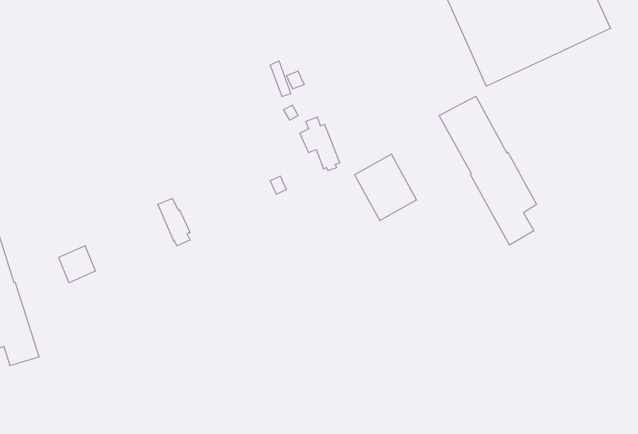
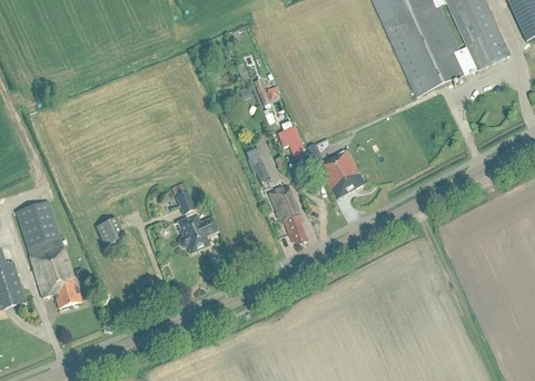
building: [439,96,537,245] -> none
building: none -> [268,184,306,242]
building: none -> [174,212,217,253]

